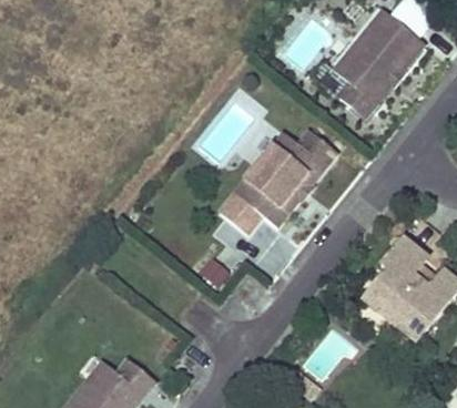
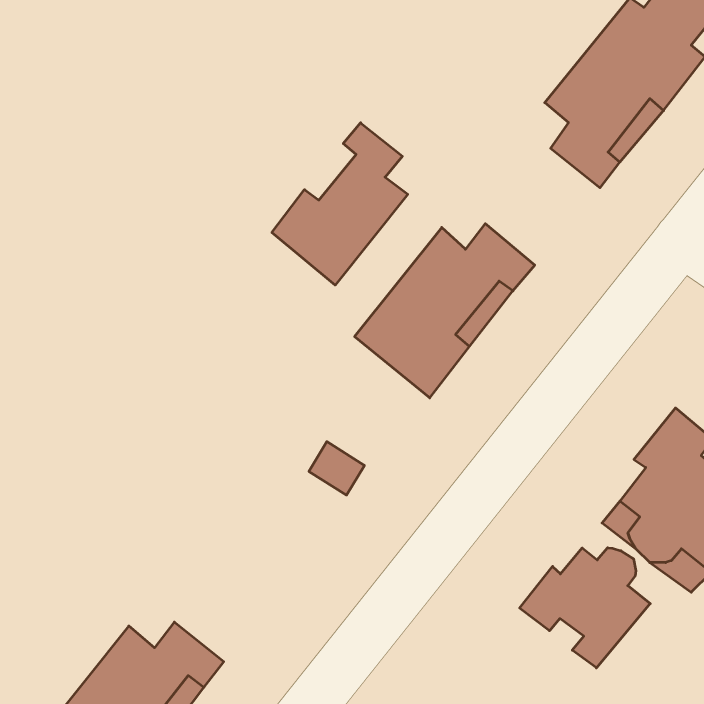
building: none -> [272,123,408,285]
building: none -> [520,548,650,668]

